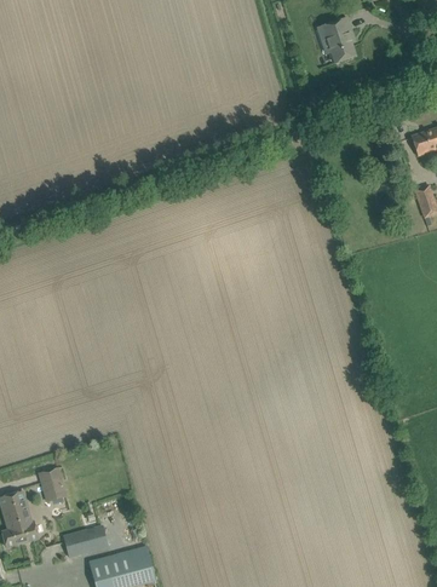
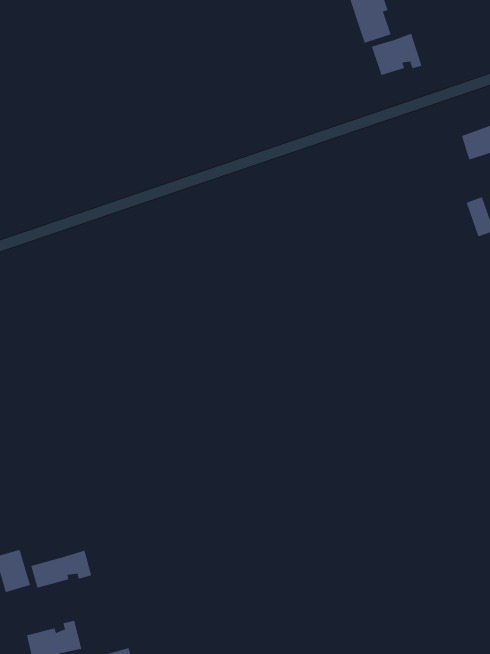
building: none -> [371,33,422,76]
building: none -> [30,550,92,588]

